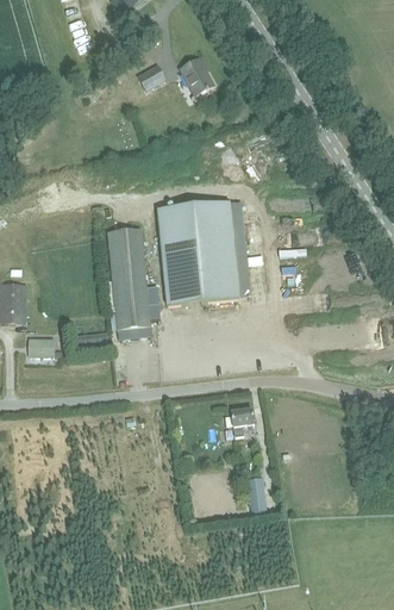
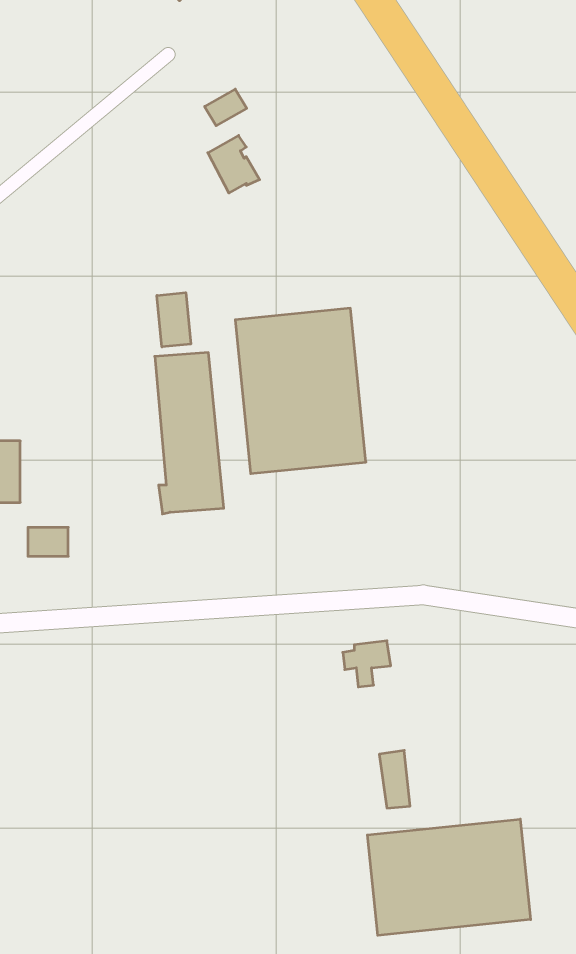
building: [182,57,214,93] -> [208,135,260,193]
building: none -> [157,293,191,347]
building: none -> [367,819,531,935]

